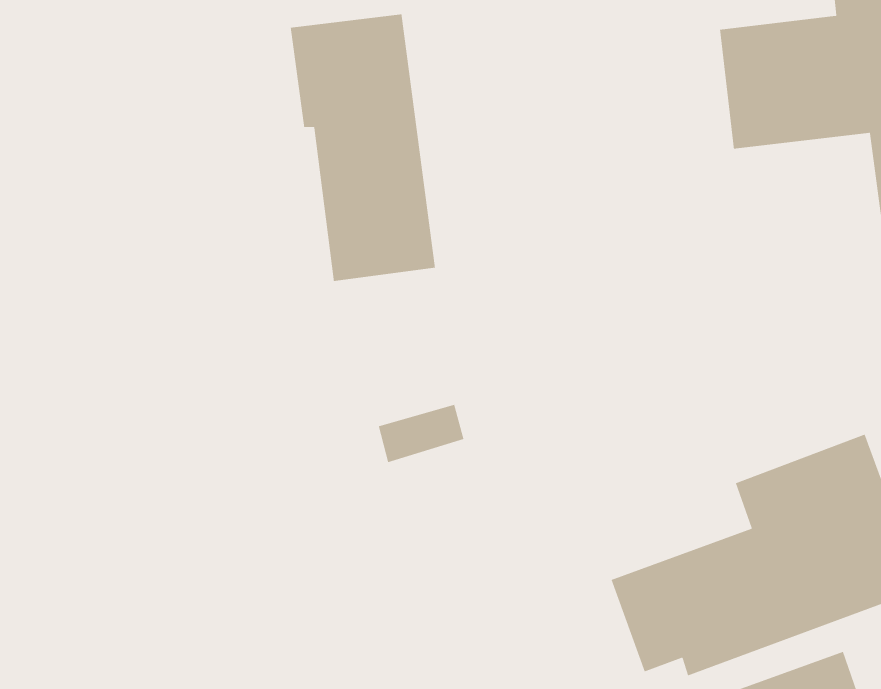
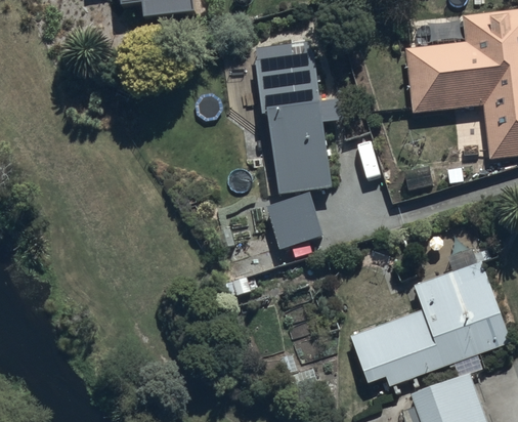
building: [290,14,436,282] -> [255,56,331,196]
building: none -> [268,196,321,249]

